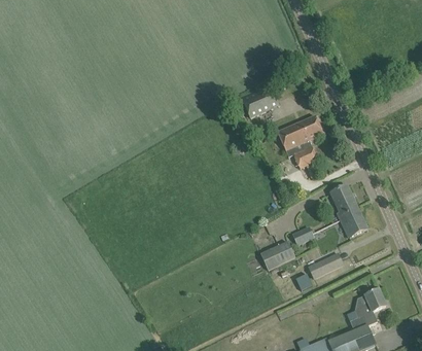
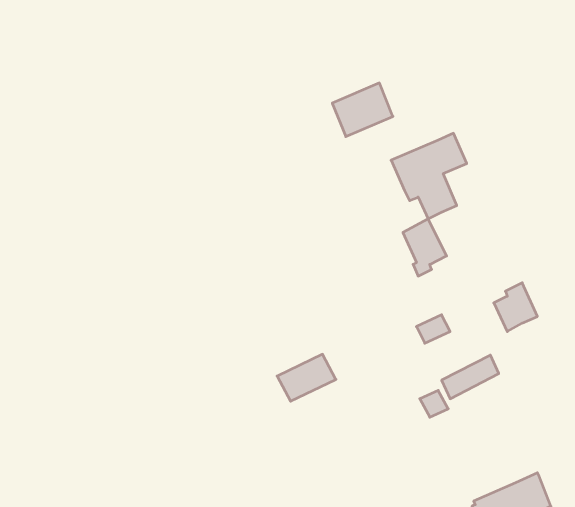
building: [330,184,357,219] -> [403,219,447,276]
building: [259,240,295,269] -> [277,354,336,401]
building: [349,288,385,329] -> none

